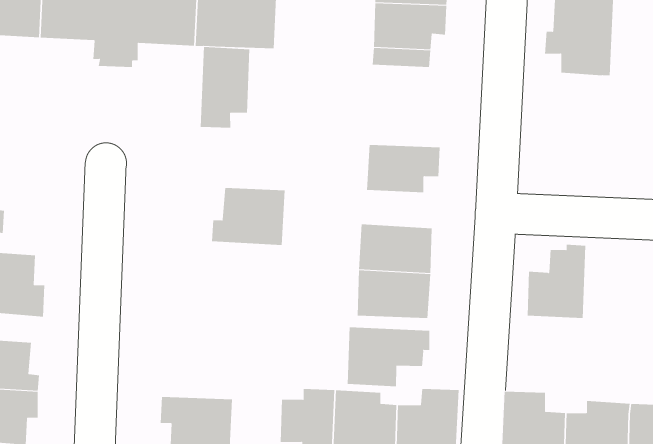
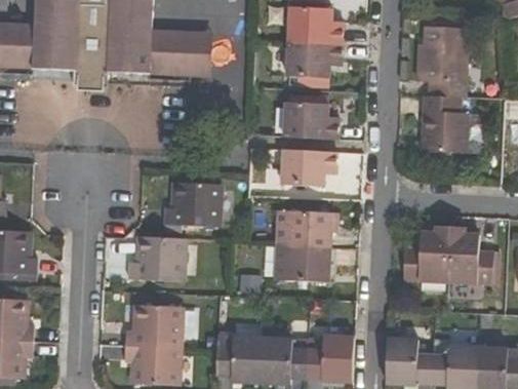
building: [200,46,250,128] -> none
building: none -> [421,94,468,151]
building: none -> [283,101,340,139]
building: none -> [446,226,493,283]
building: none -> [128,238,185,279]
building: [347,327,430,387] -> none
building: none -> [125,304,181,343]

